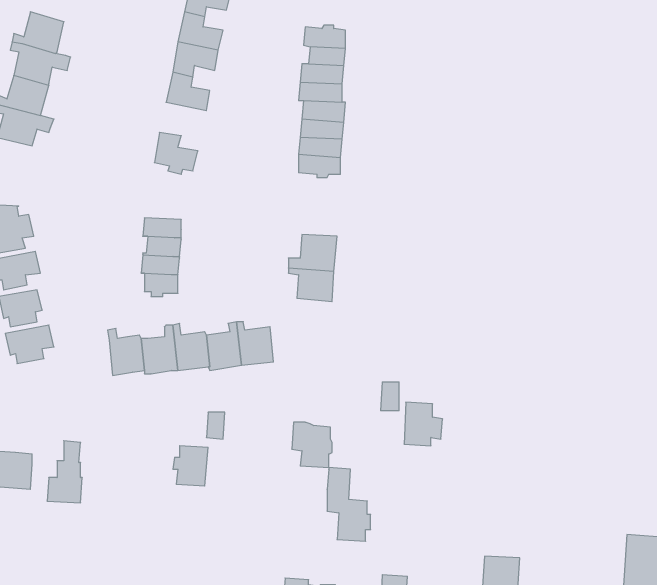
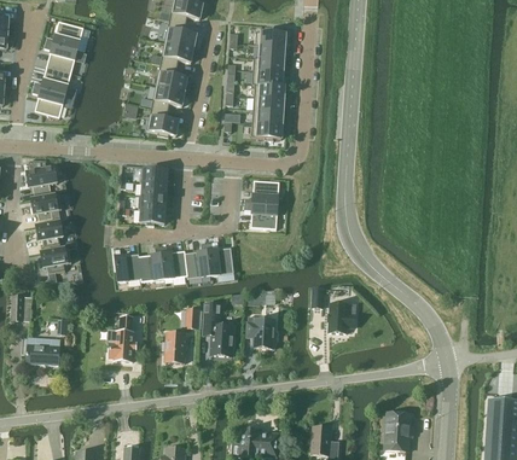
building: none -> [152,85,186,109]
building: [47,441,82,503] -> [109,315,134,360]
building: [327,468,371,541] -> [204,302,236,355]

